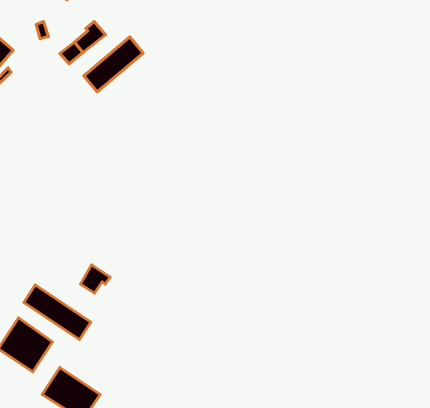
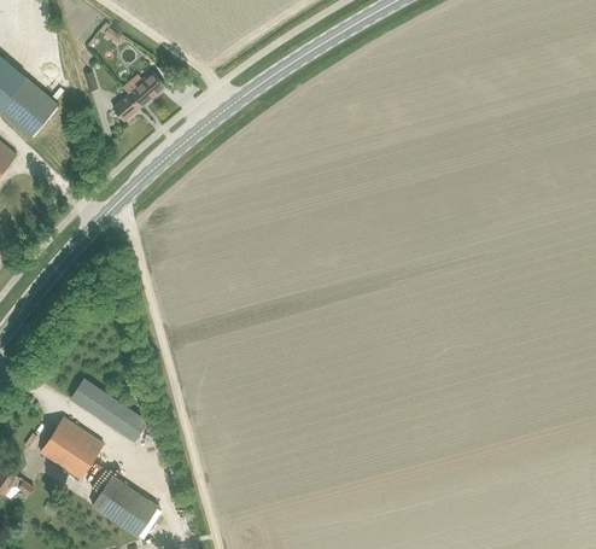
building: [84,37,143,92] -> none
building: [81,265,110,293] -> none

